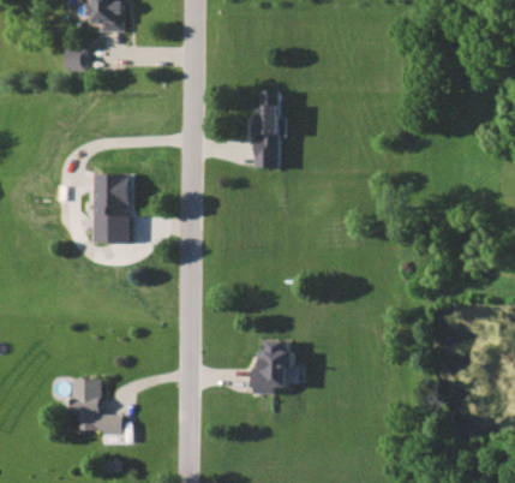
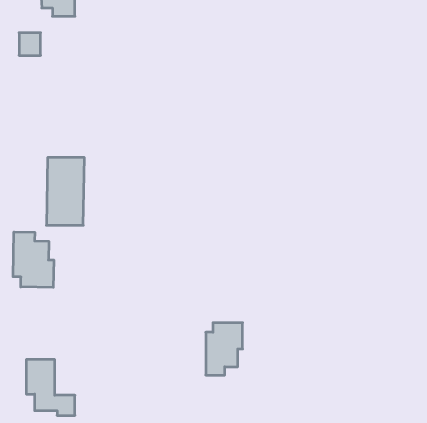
building: [252,90,279,167] -> none
building: none -> [13,232,54,287]

